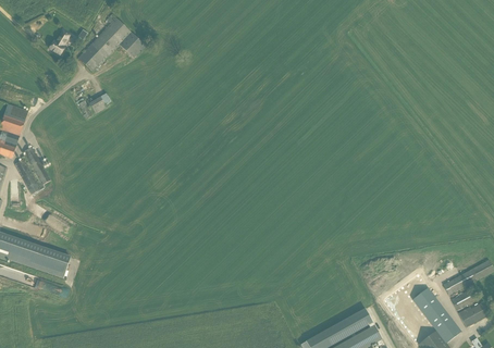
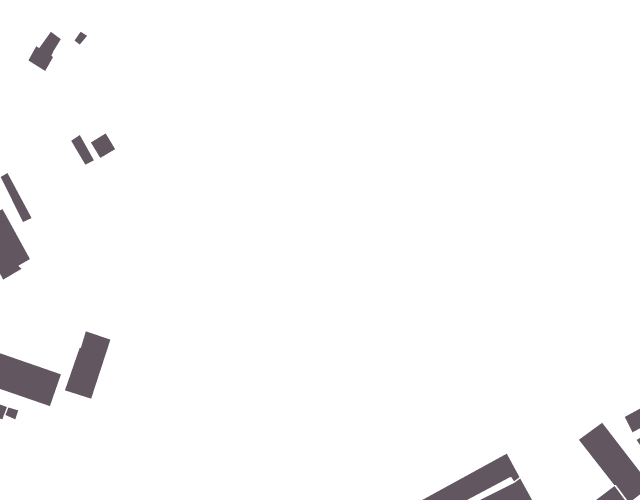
building: [77,13,144,71] -> none
building: none -> [64,330,111,399]

